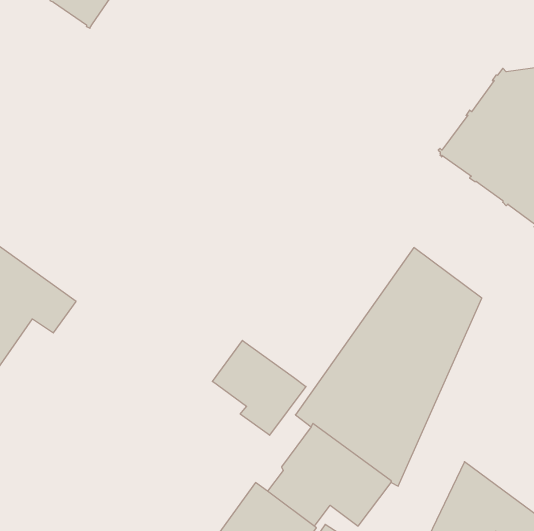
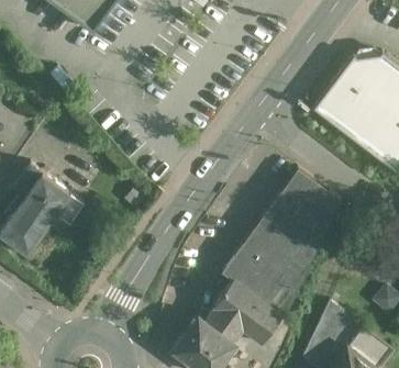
building: [212,340,306,435] -> none

